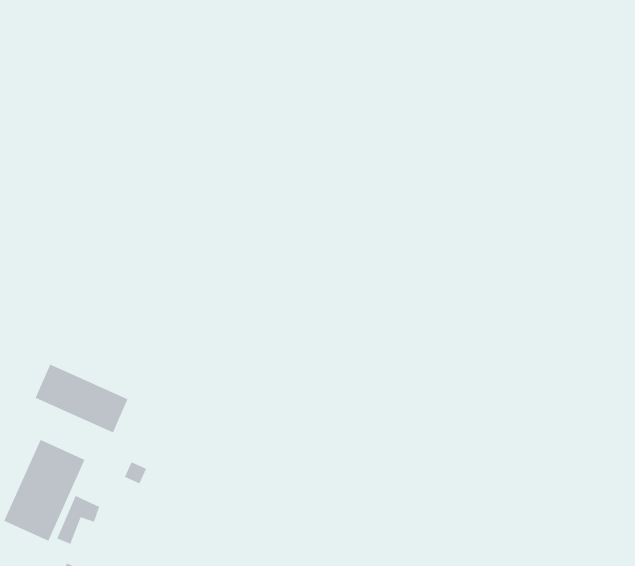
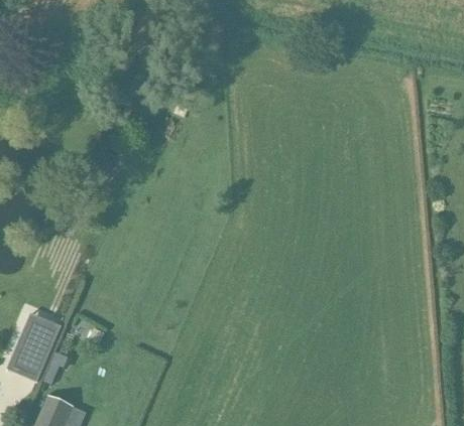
building: [34,364,129,433] -> none

